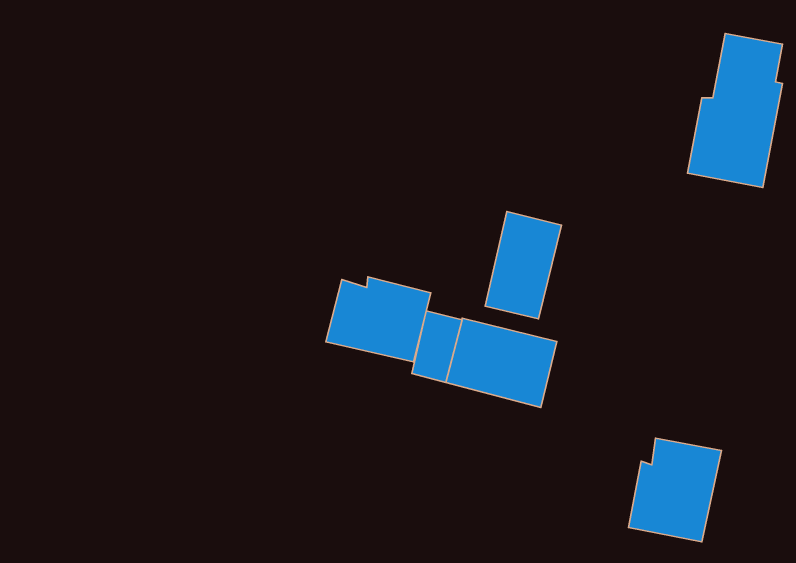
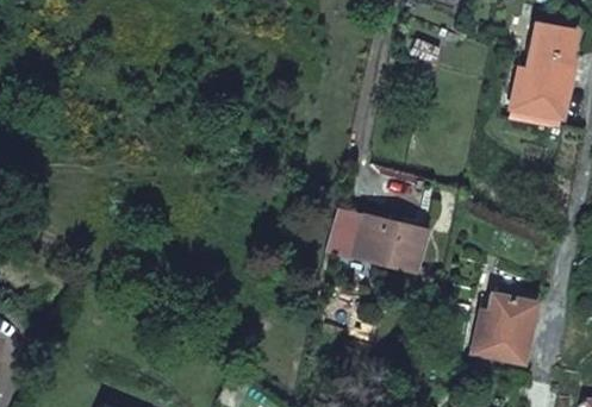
building: [485,211,561,319] -> none
building: [326,277,431,362] -> none

